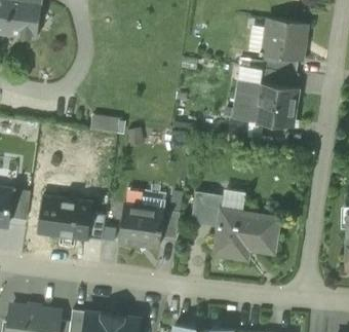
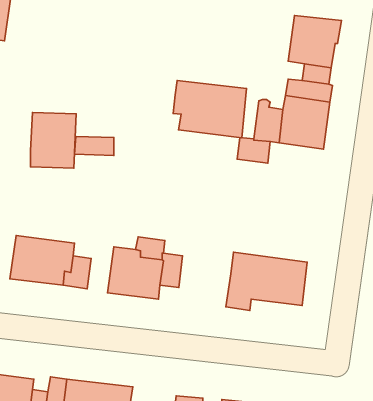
building: none -> [173,80,247,138]
building: none -> [30,112,76,168]
building: [191,192,222,226] -> none

